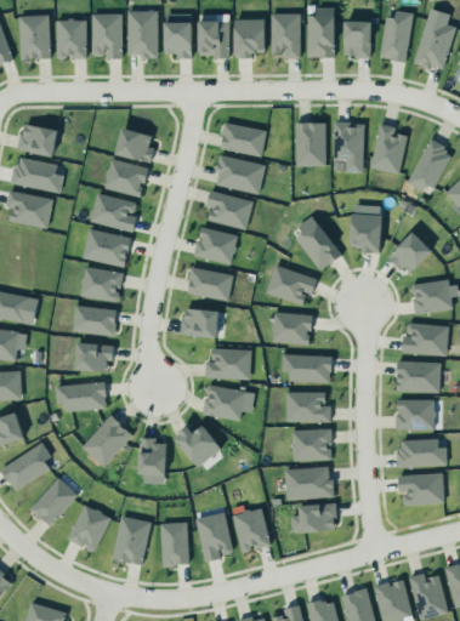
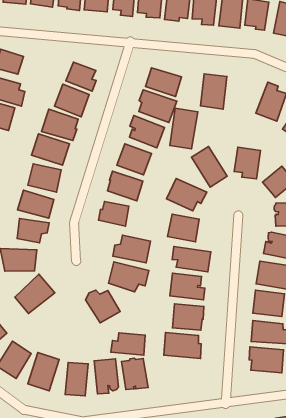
building: [334,123,365,173] -> [170,108,198,149]
building: [138,435,165,473] -> none
building: [293,505,336,532] -> [111,333,145,355]

